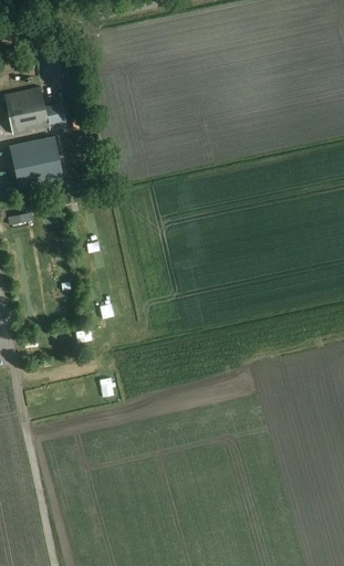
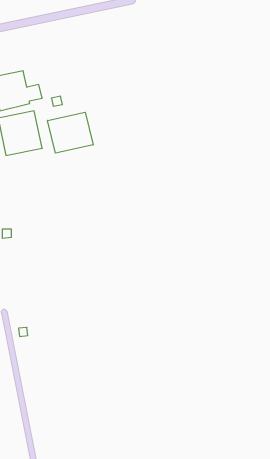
building: none -> [48,112,93,153]

